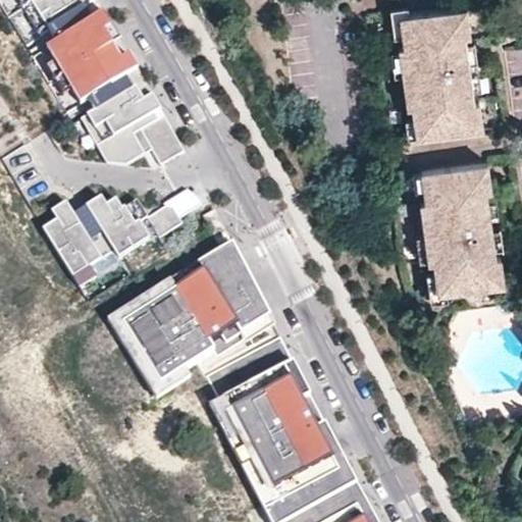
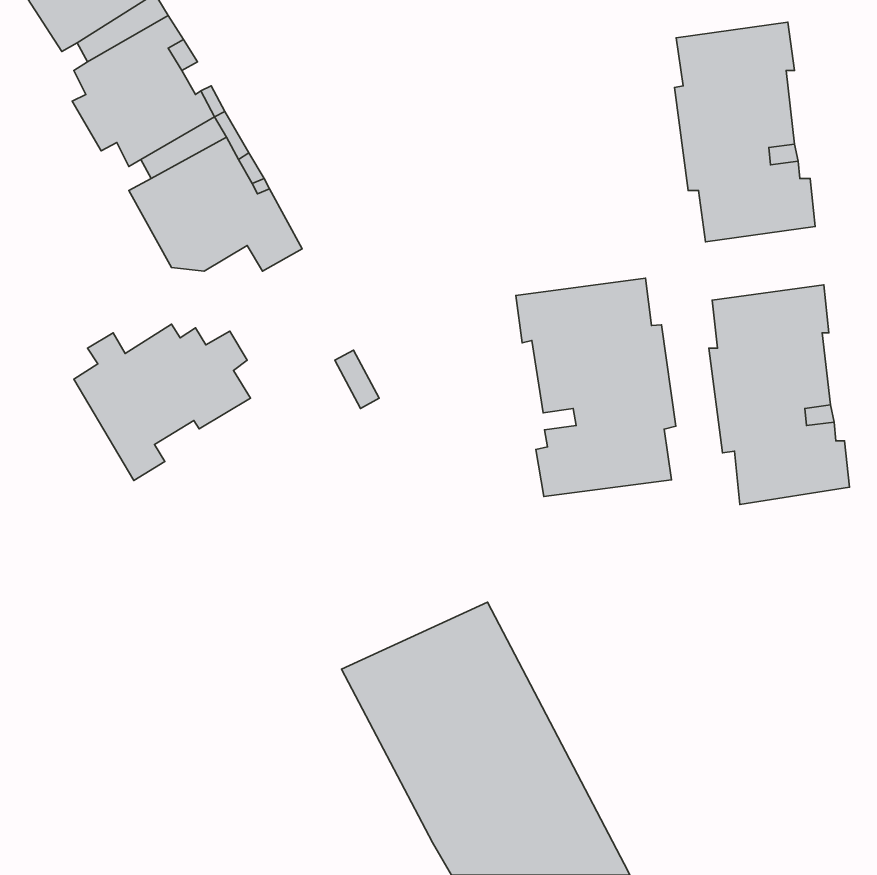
building: none -> [516,278,676,497]
building: [149,188,199,234] -> none
building: [104,240,270,395] -> none

